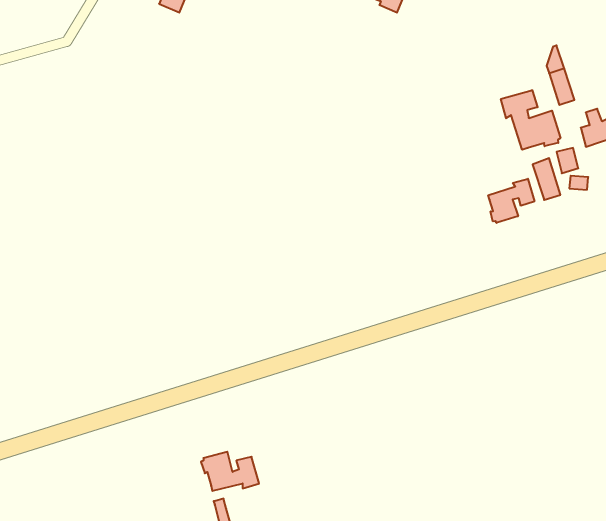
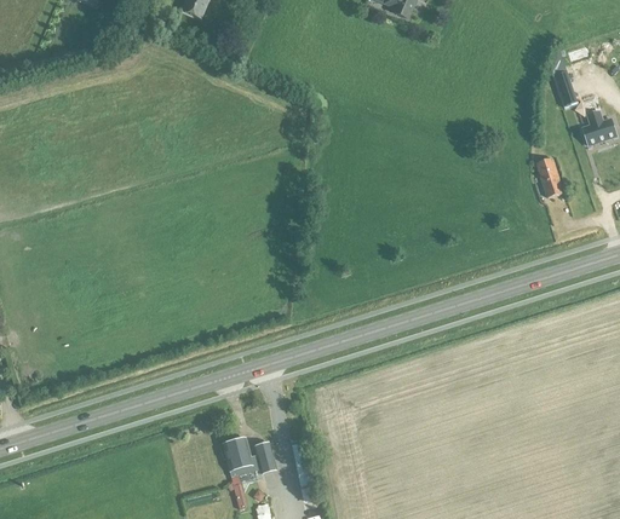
building: [501,90,560,150] -> none
building: [488,179,534,223] -> none

